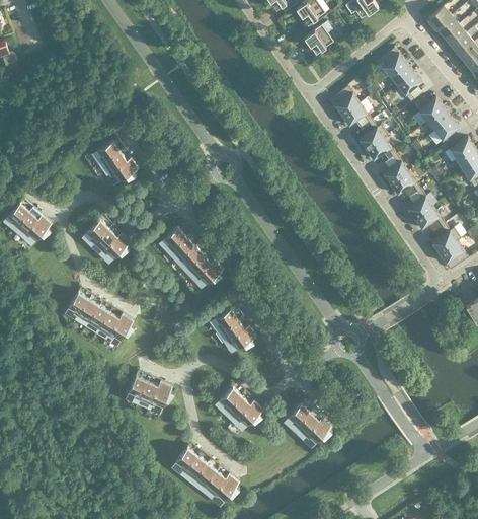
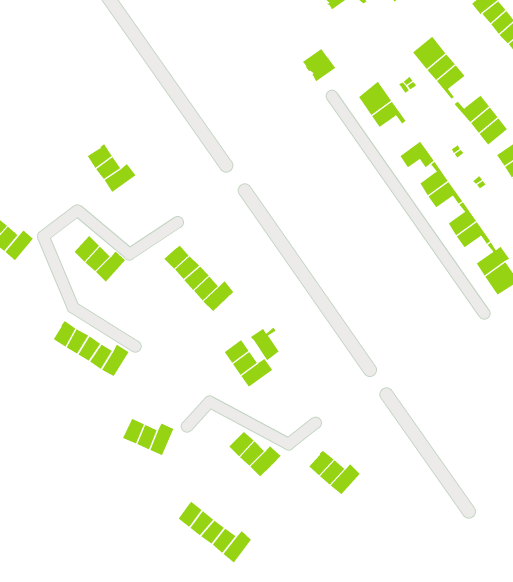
building: [303,26,332,56] -> [302,48,336,82]
building: [357,122,387,152] -> none
building: none -> [250,327,280,361]

